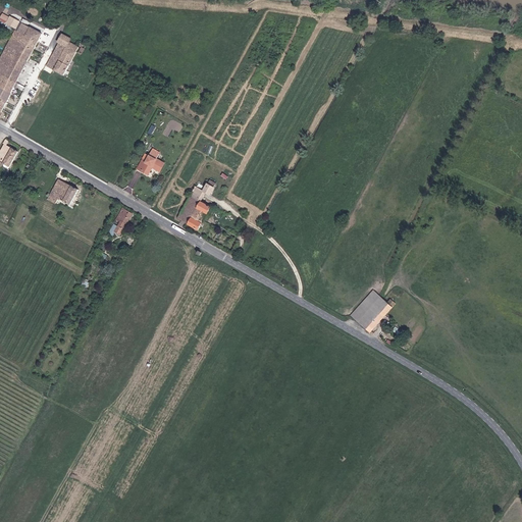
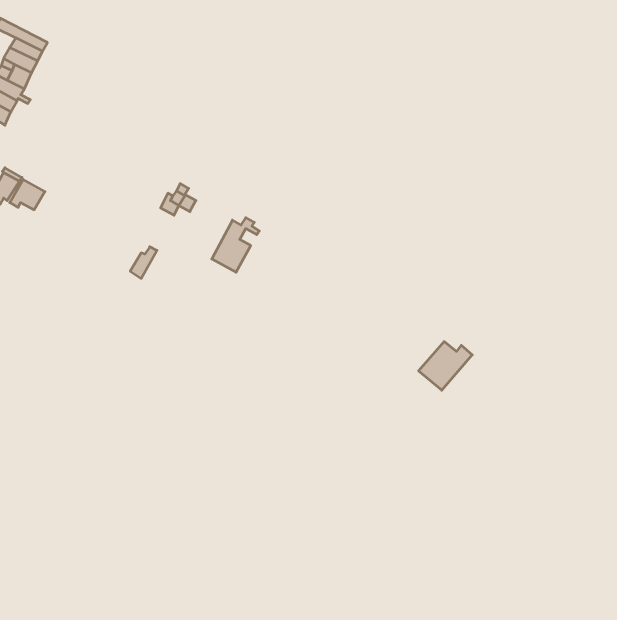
building: [44,35,84,76] -> none
building: [47,177,76,203] -> [10,179,45,210]

